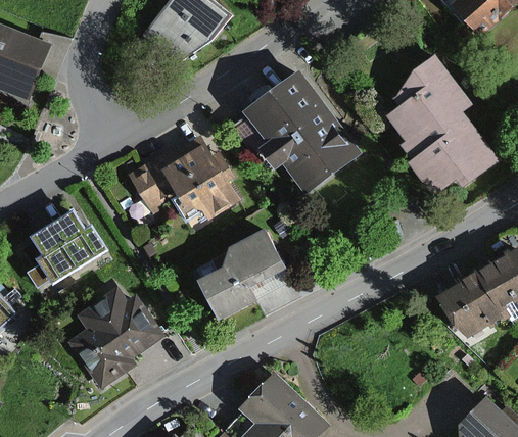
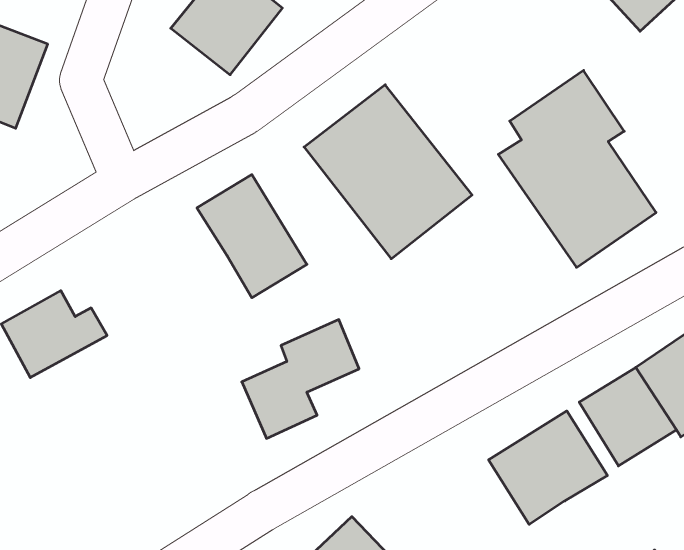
building: [136,157,188,210] -> none
building: [74,298,162,380] -> none
building: none -> [489,411,607,524]

